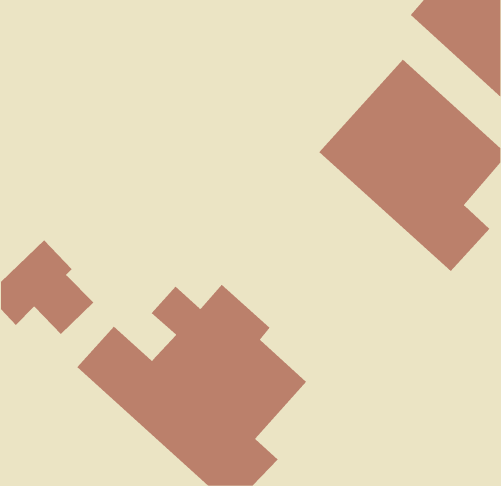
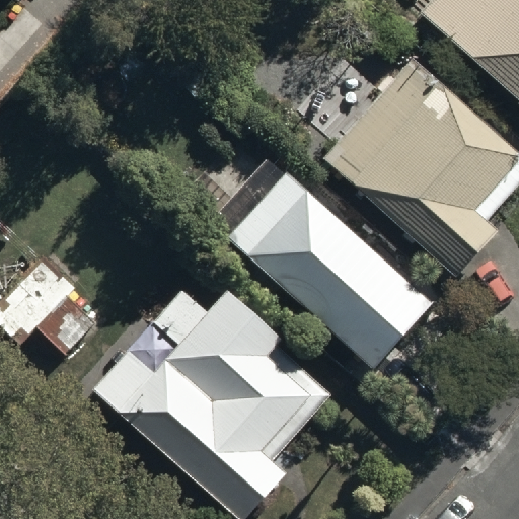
building: none -> [250,194,434,370]

